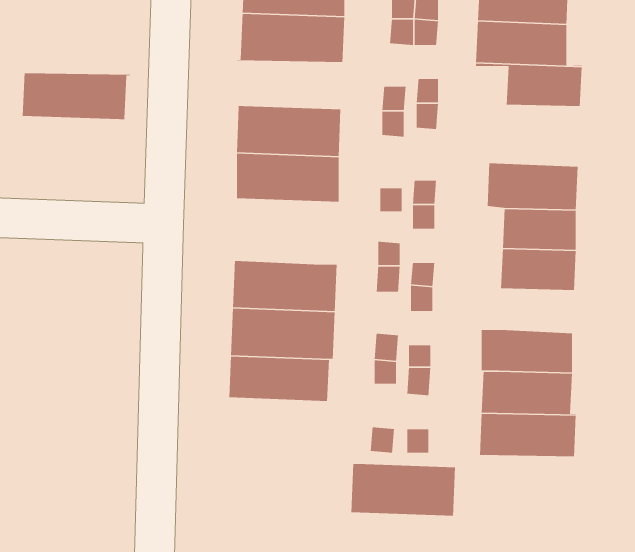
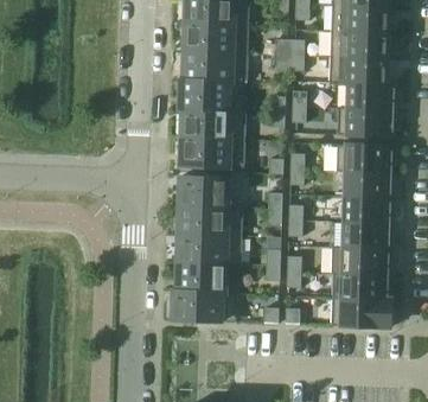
building: [22,72,131,120] -> [178,79,245,109]
building: none -> [337,107,392,135]
building: none -> [178,174,228,205]
building: none -> [343,221,389,248]
building: [351,463,456,517] -> [171,288,236,321]

